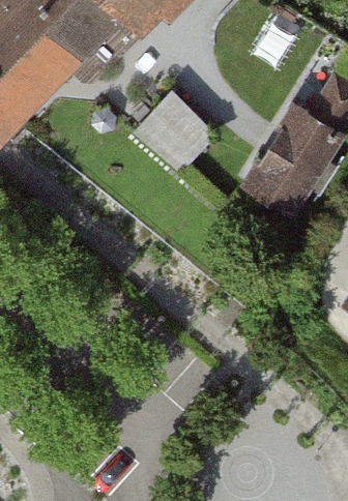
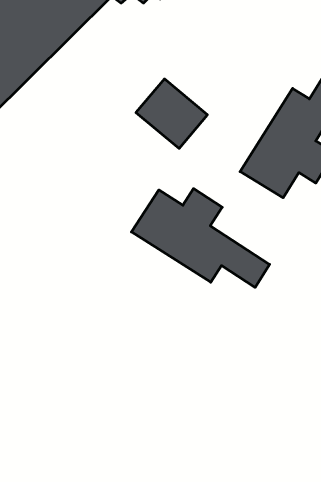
building: none -> [131,189,270,287]

